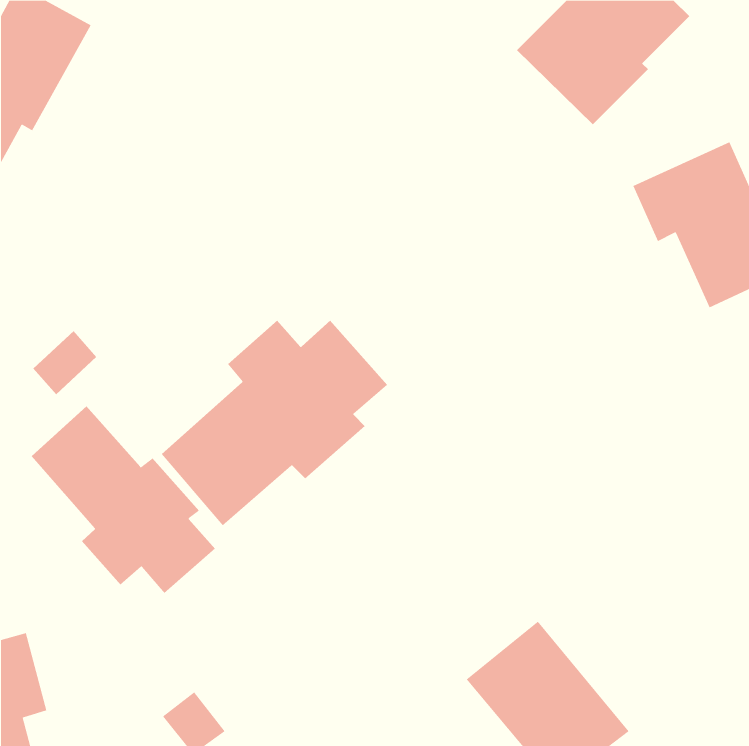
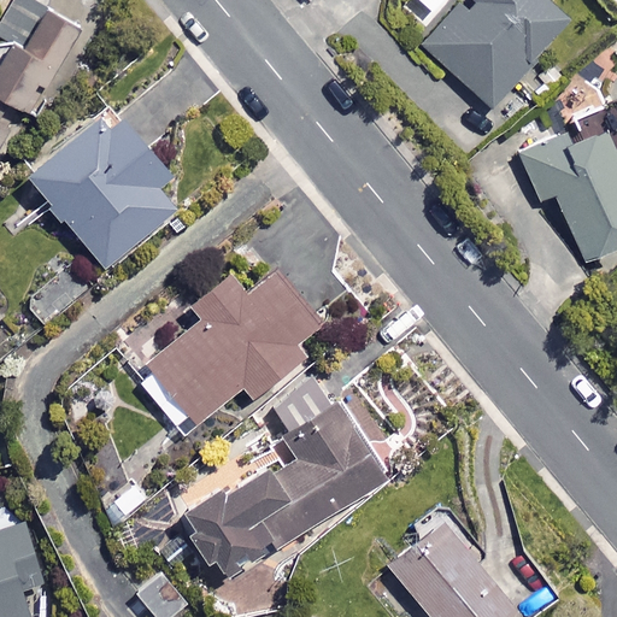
building: none -> [28,114,177,269]
building: [31,406,216,594] -> none
building: none -> [181,377,387,580]

